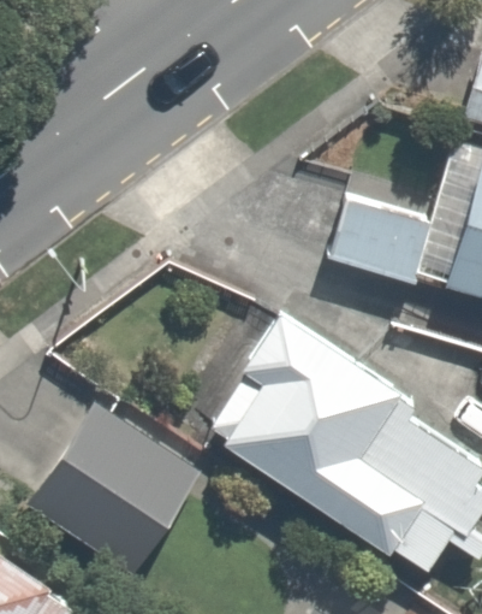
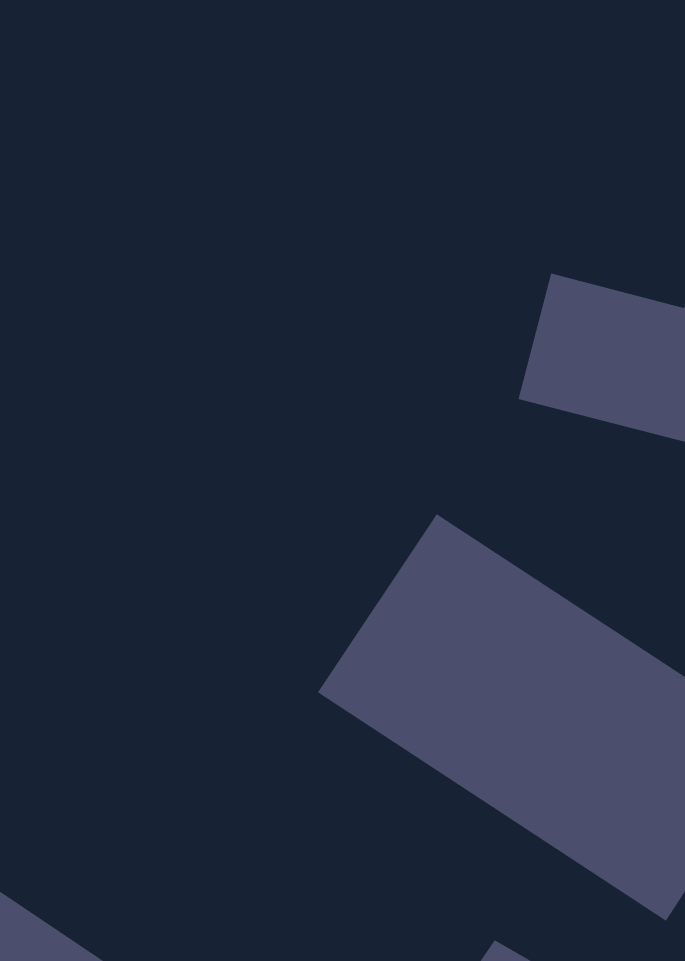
building: [34,405,207,567] -> none

